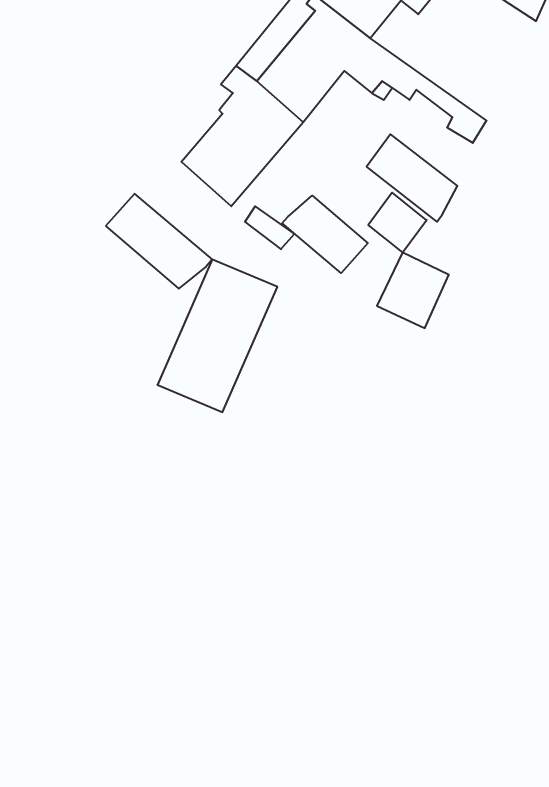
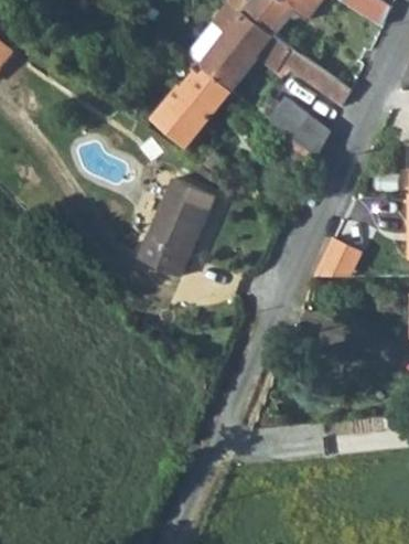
building: [106,194,212,289] -> none
building: [282,196,368,273] -> none
building: [377,253,449,328] -> [317,233,364,281]

